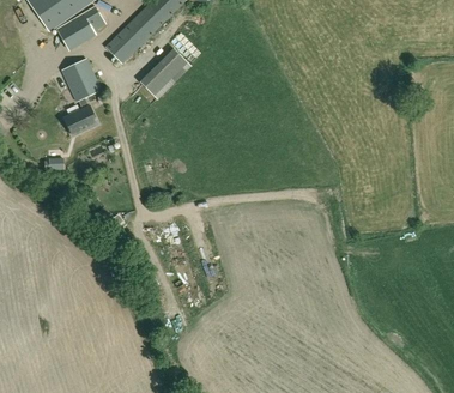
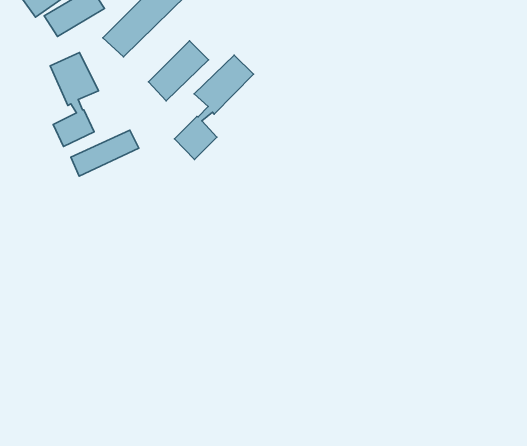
building: none -> [174,55,254,160]
building: none -> [71,130,139,176]

